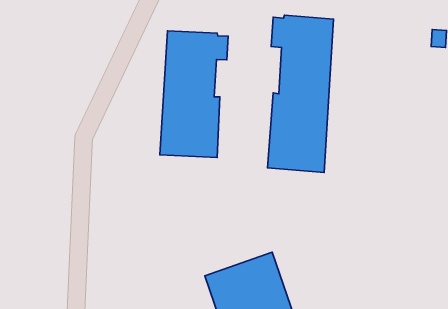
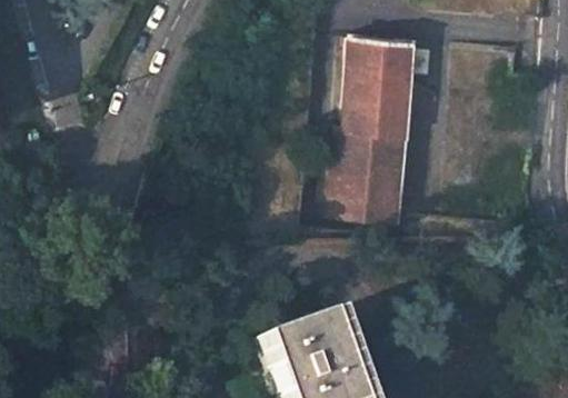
building: [160,31,228,158] -> none

